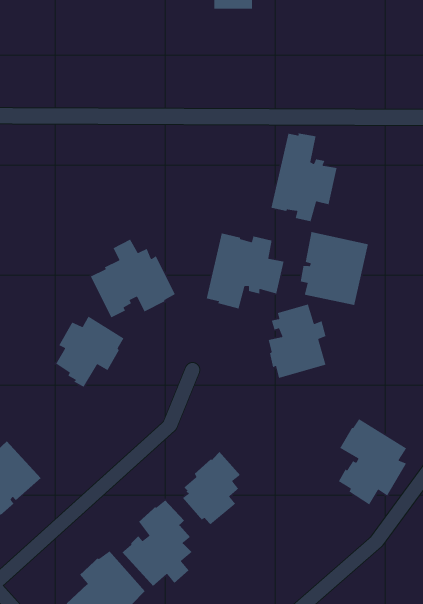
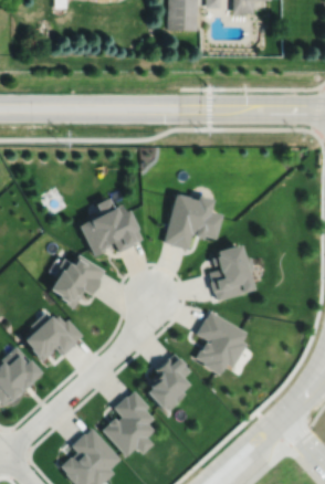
building: [271,133,338,222] -> none
building: [300,231,369,306] -> none
building: none -> [25,313,84,362]
building: [338,418,407,506] -> [195,313,245,377]

